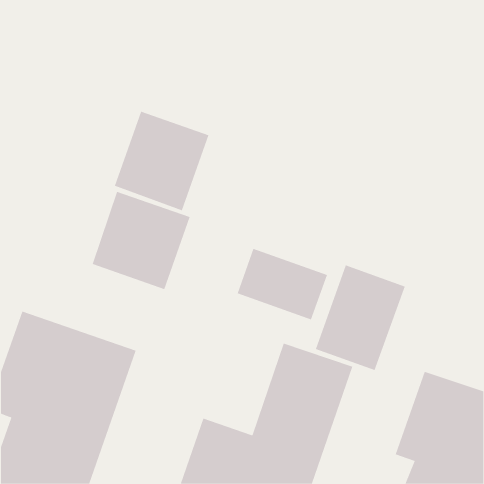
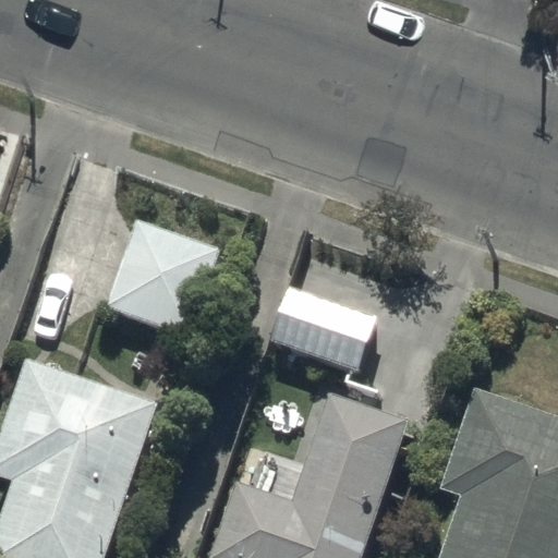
building: [114,111,209,211] -> none
building: [315,264,406,371] -> none

